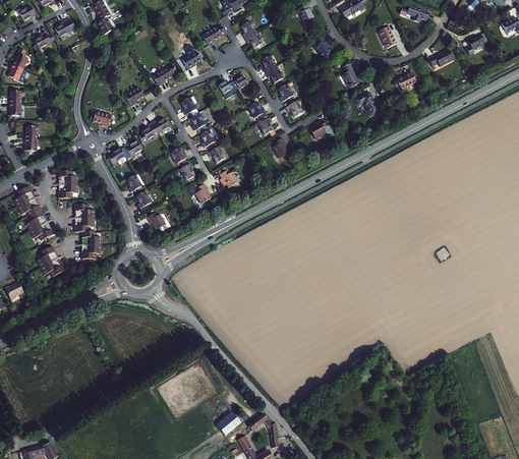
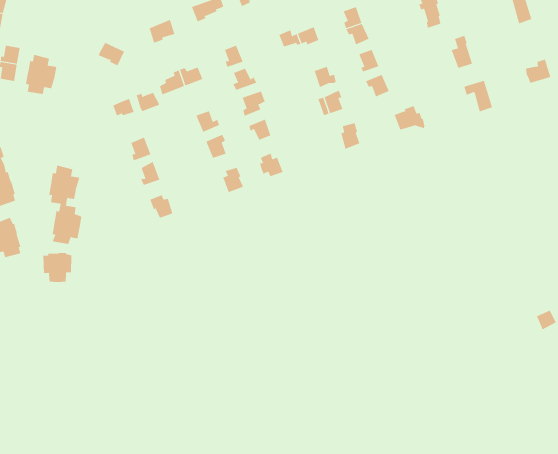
building: [58,171,78,198] -> [25,54,57,95]
building: none -> [43,252,72,283]

